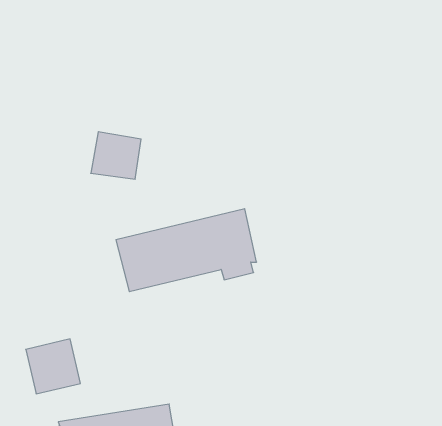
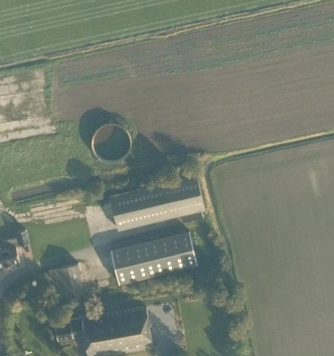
building: none -> [110,232,197,284]

